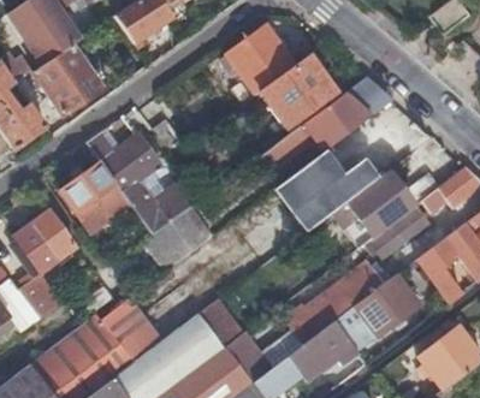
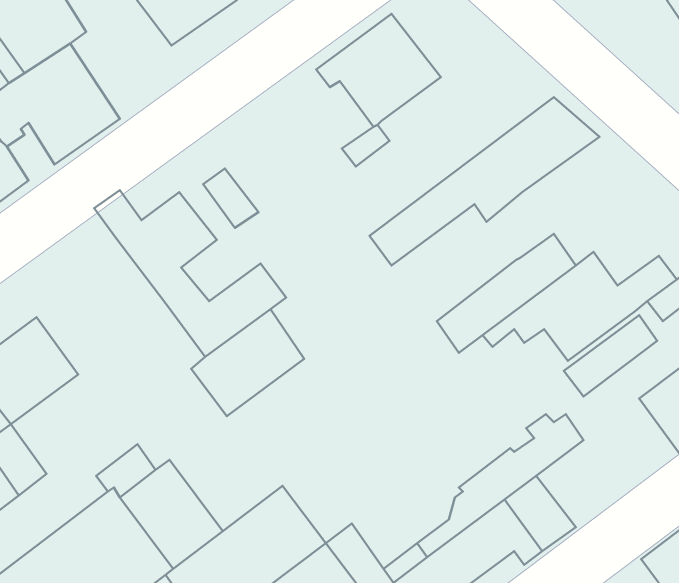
building: [260,55,336,127] -> none
building: [274,152,342,212] -> none
building: [60,161,129,230] -> none
building: [354,273,420,337] -> none

